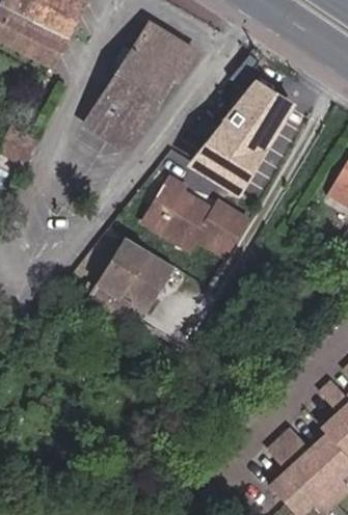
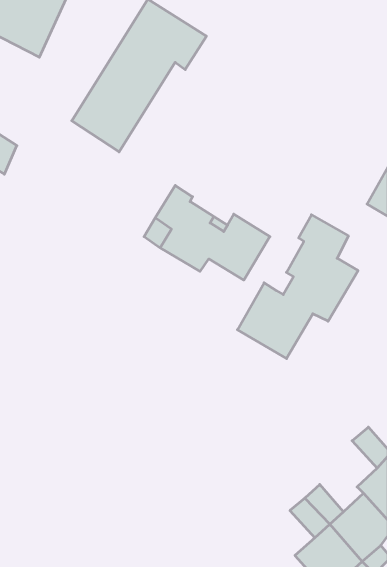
building: [190,82,300,200] -> none
building: none -> [237,215,358,359]
building: [91,235,176,311] -> none

